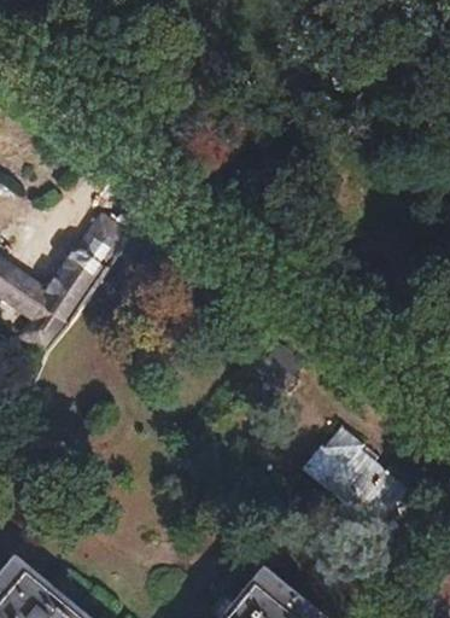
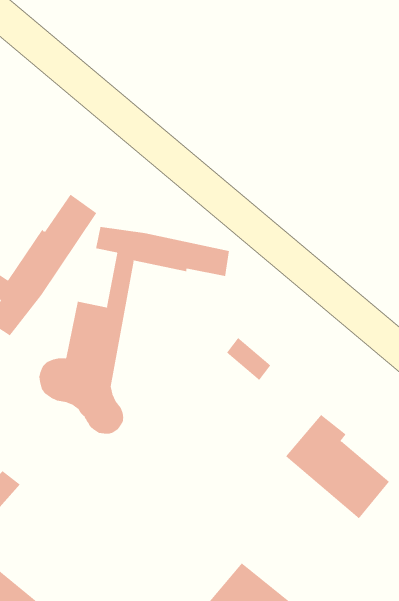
building: none -> [39,226,229,434]

